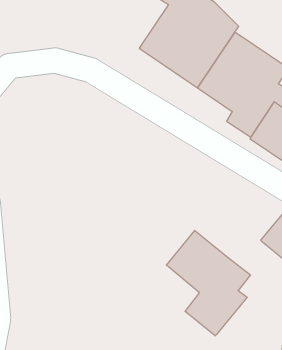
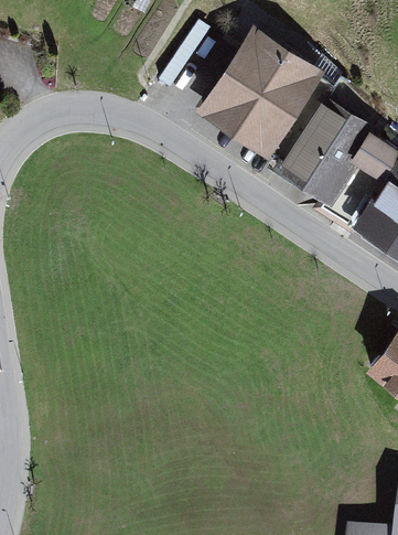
building: [166,230,250,336] -> none

